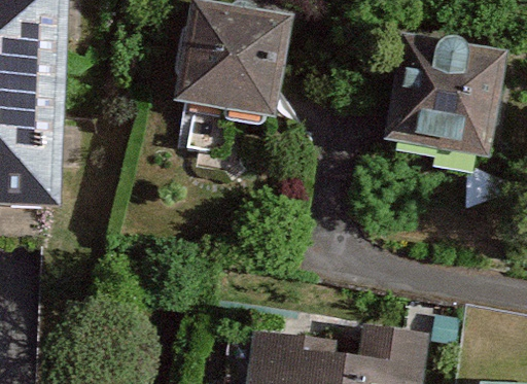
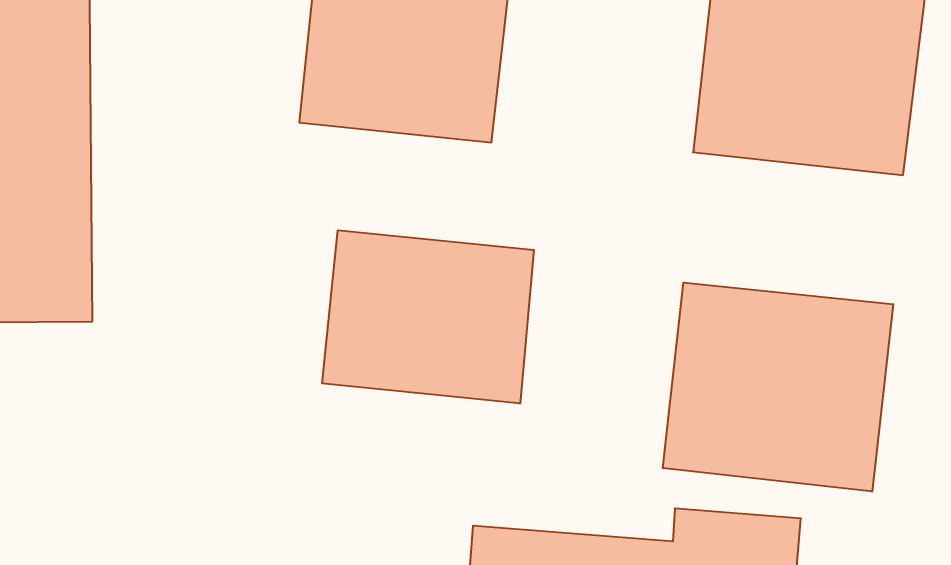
building: none -> [322,230,534,404]
building: none -> [663,283,893,492]

